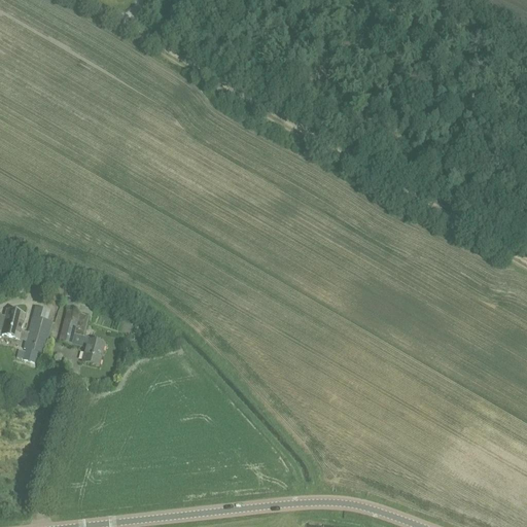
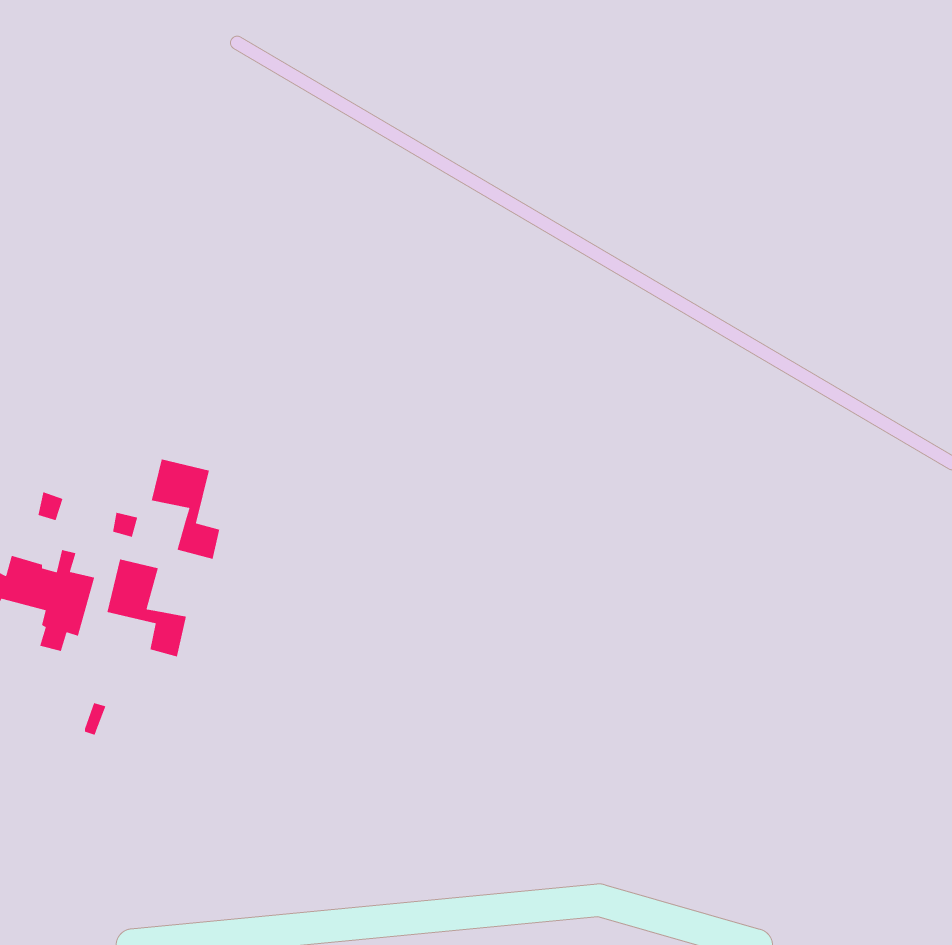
building: none -> [151,459,220,560]

